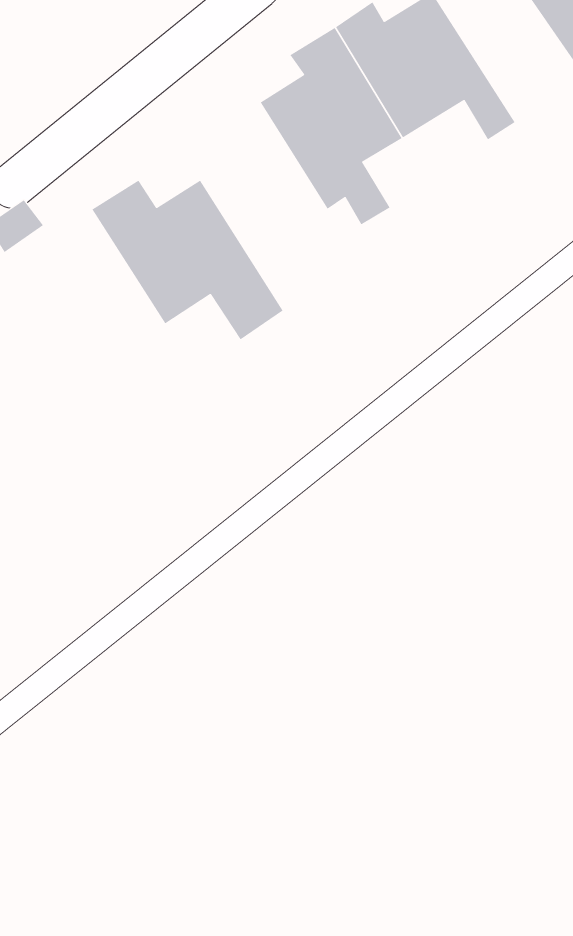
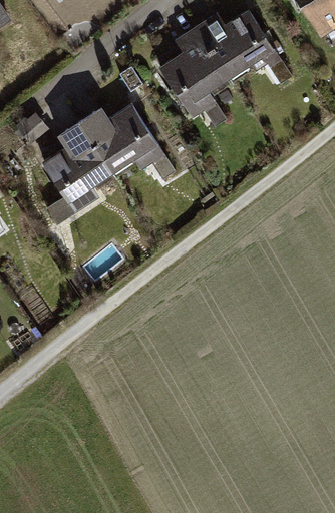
building: none -> [38,115,113,223]

